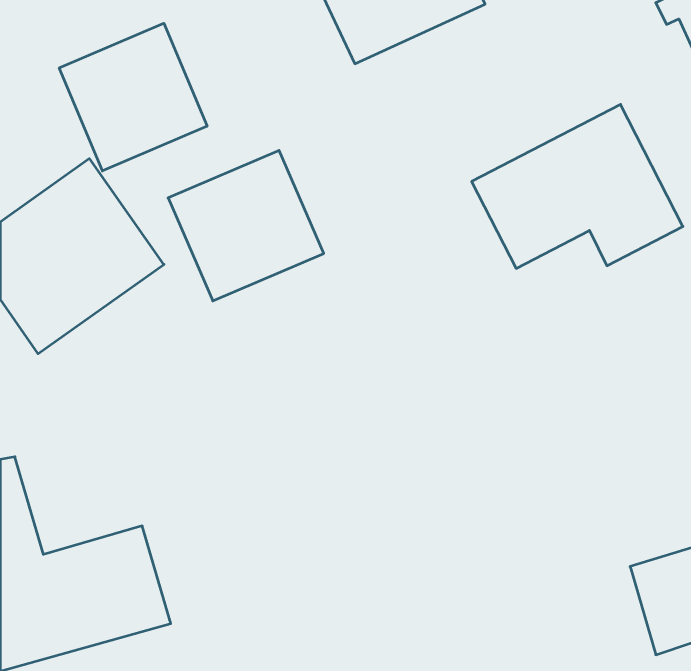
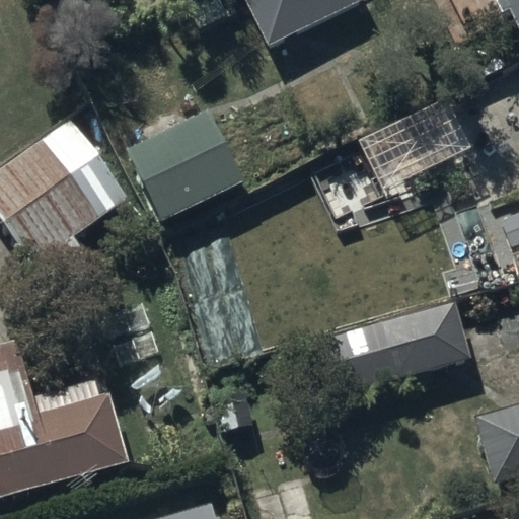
building: [59,23,207,171] -> none
building: none -> [312,302,469,397]

